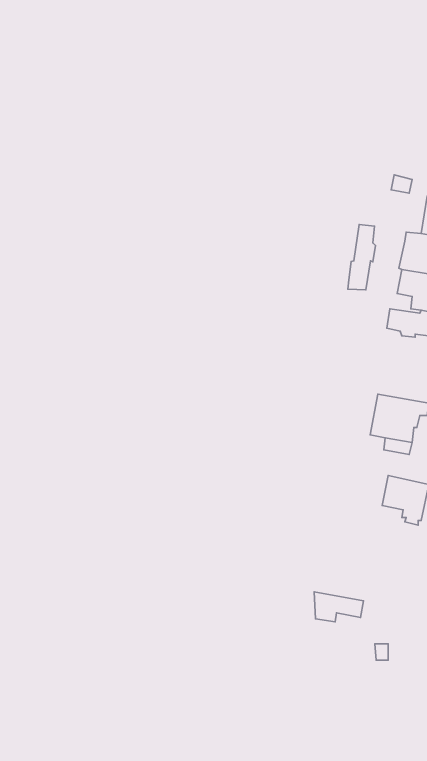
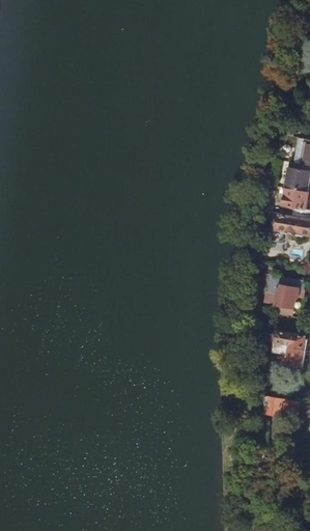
building: [348,224,376,290] -> none
building: [314,592,364,622] -> [264,394,299,415]

